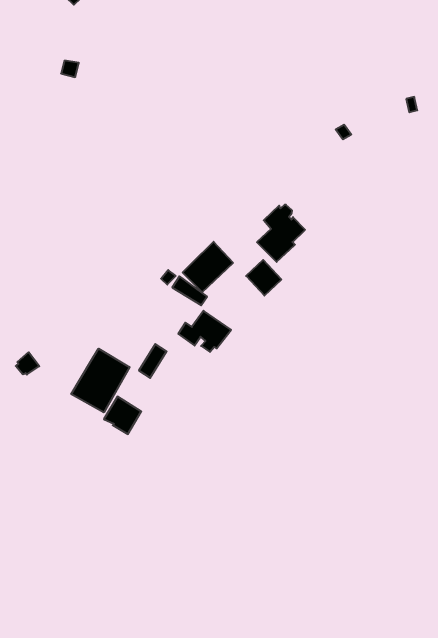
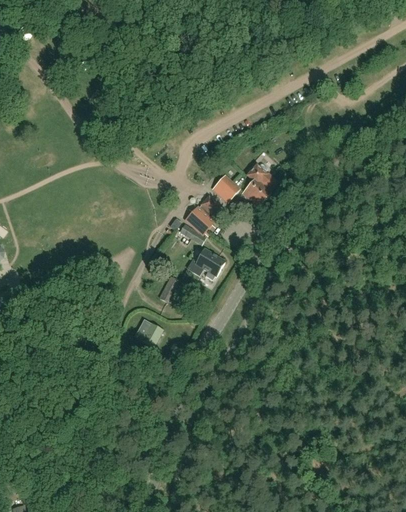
building: [246,260,281,296] -> [212,176,239,203]
building: [71,349,130,412] -> none

